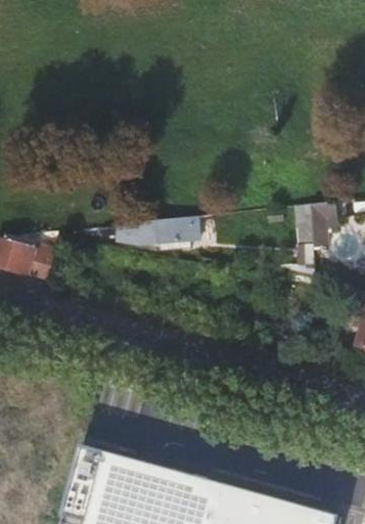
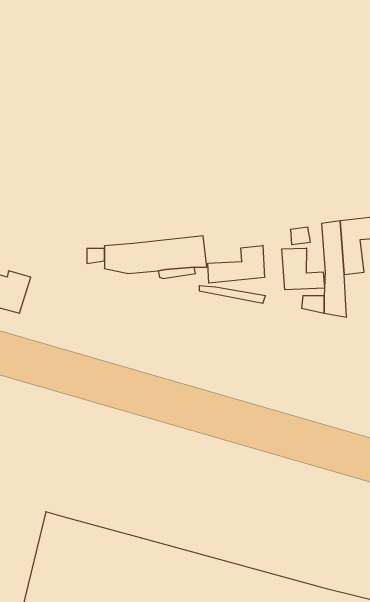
building: none -> [208,245,265,283]
building: none -> [282,248,324,290]

